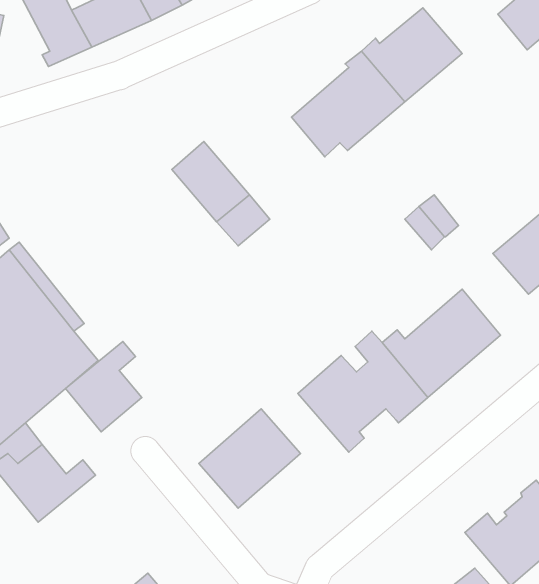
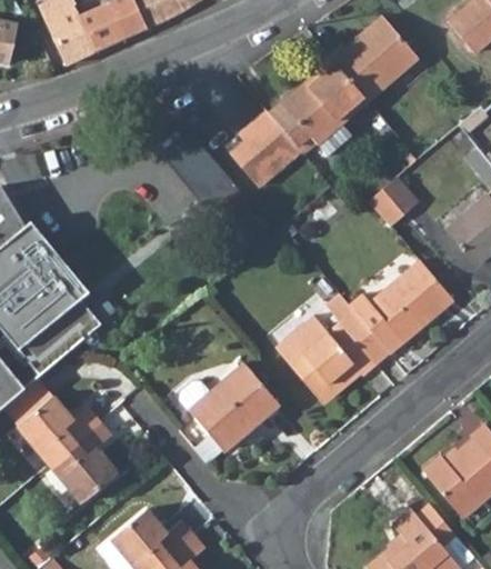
building: none -> [233,110,302,184]
building: [66,341,142,432] -> [49,423,116,502]

